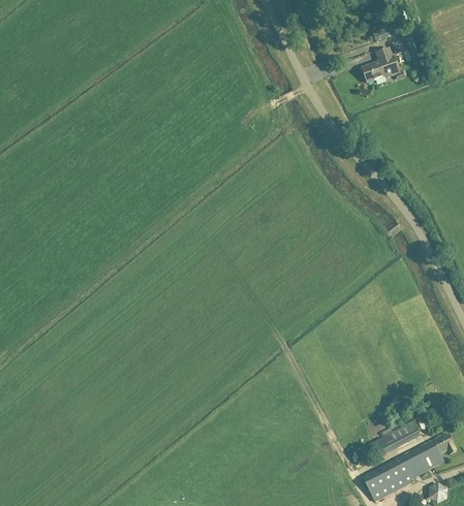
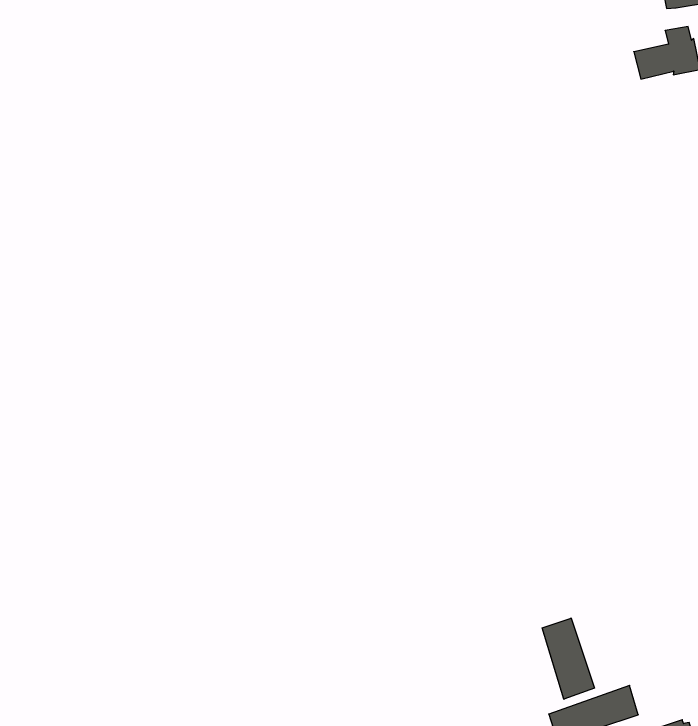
building: none -> [542,618,594,699]

